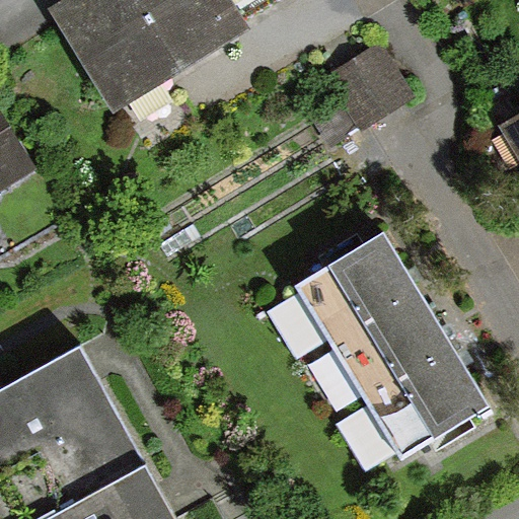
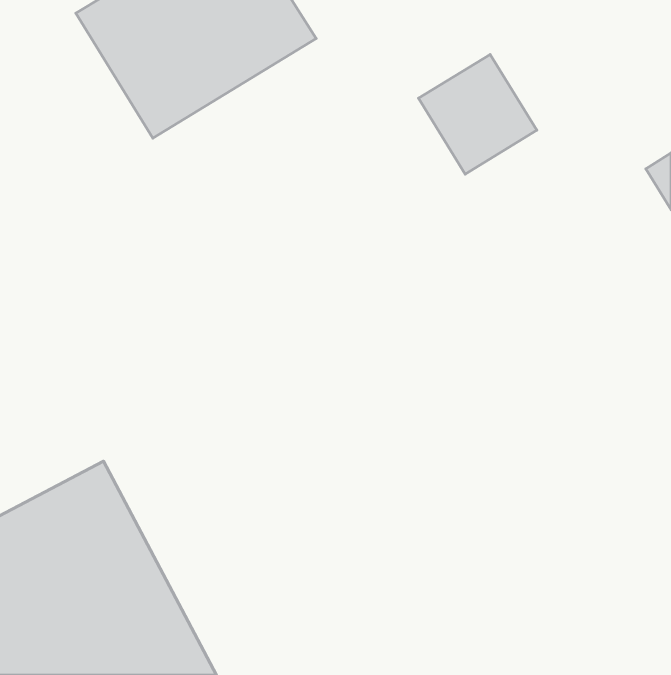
building: [297,234,490,463] -> none

